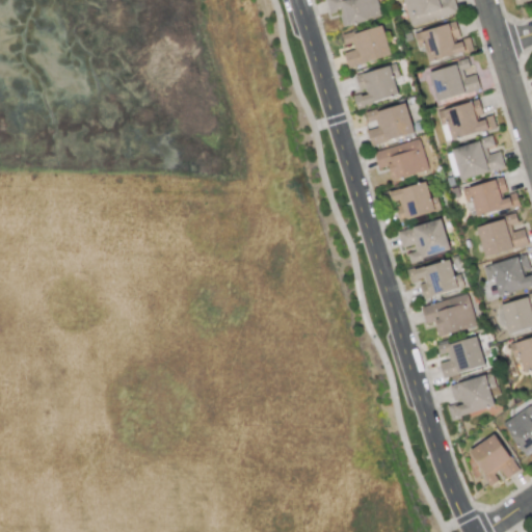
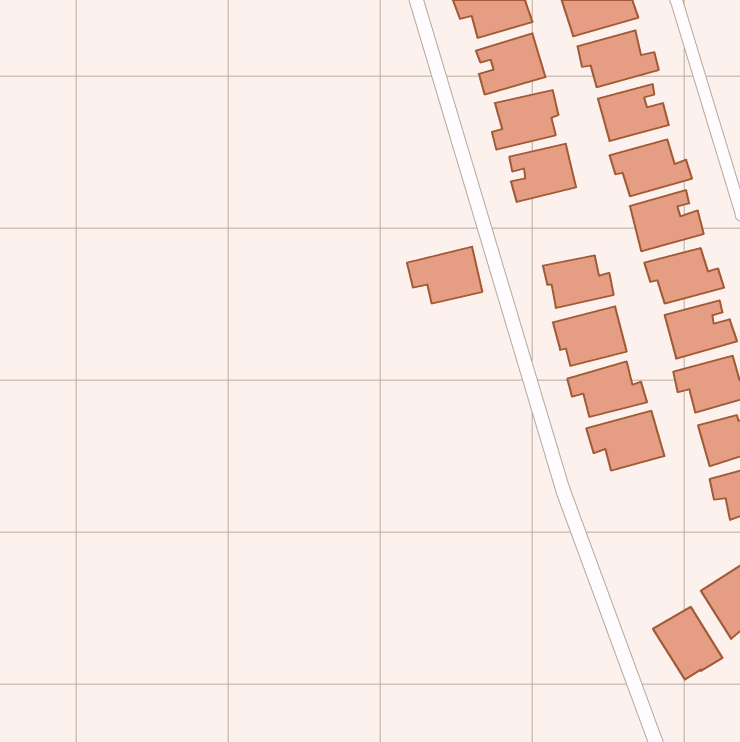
building: [374,139,428,180] -> [407,247,482,303]
building: [437,336,485,377] -> none
building: [447,373,496,418] -> none

